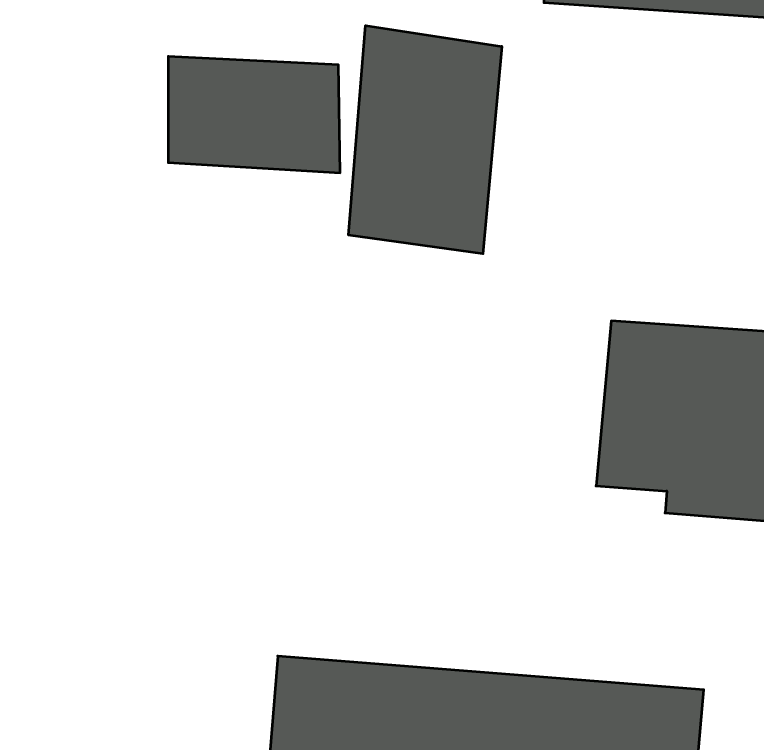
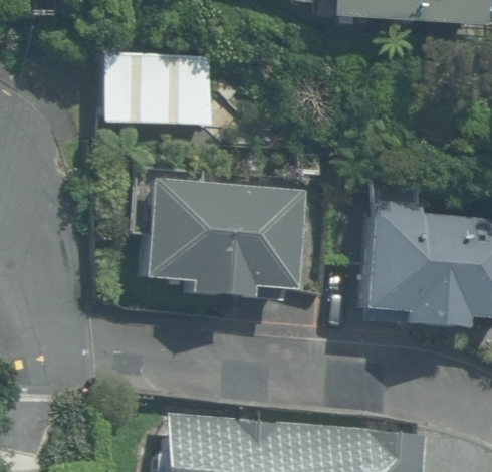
building: [349,26,502,254] -> none
building: none -> [145,179,303,299]

